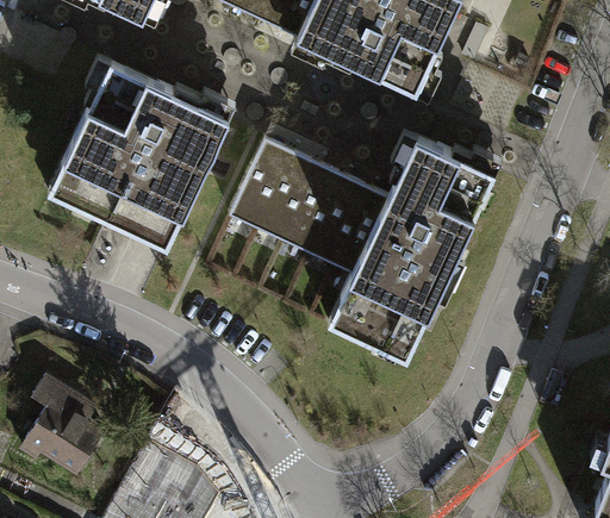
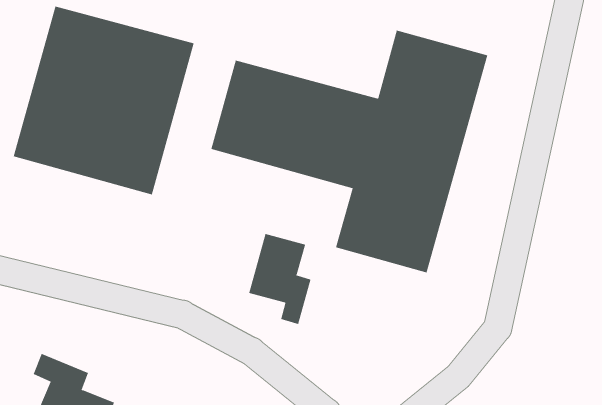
building: none -> [248,233,311,325]

